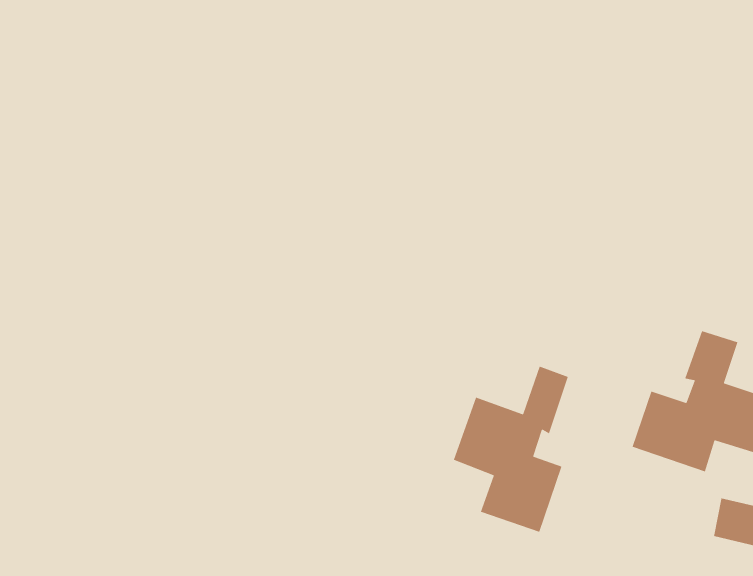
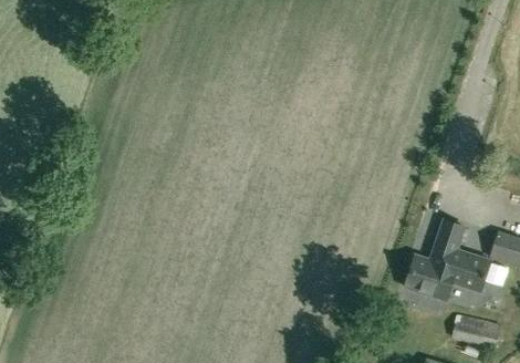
building: [453,365,569,533] -> none

